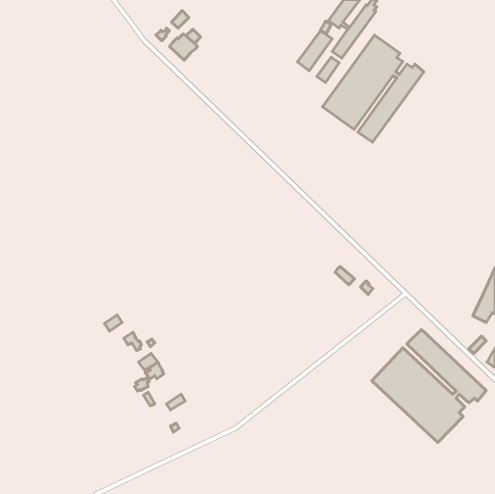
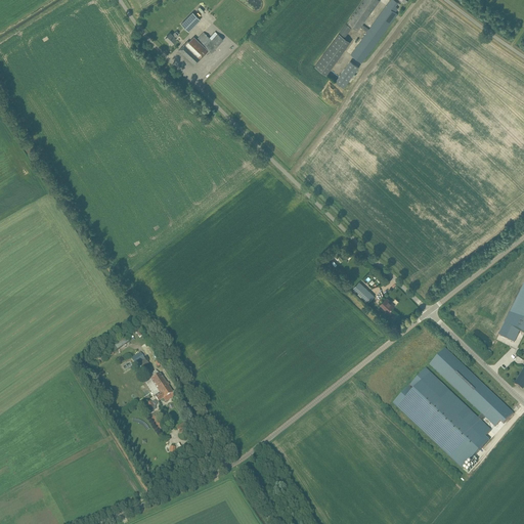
building: [323,35,424,142] -> none

